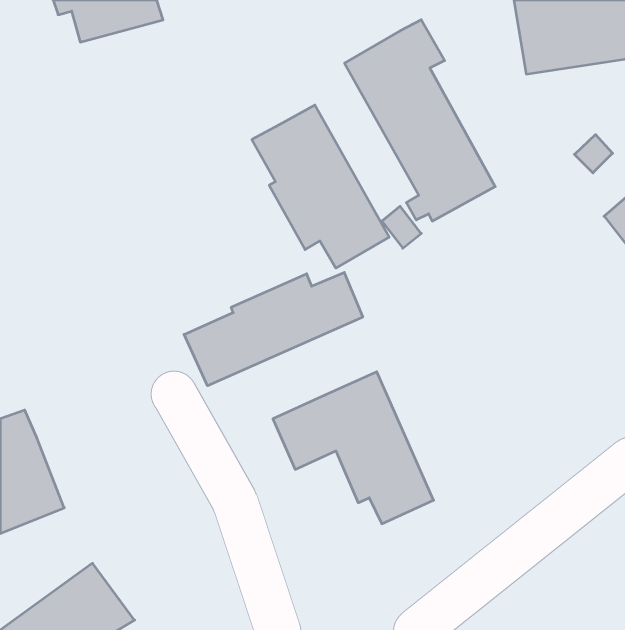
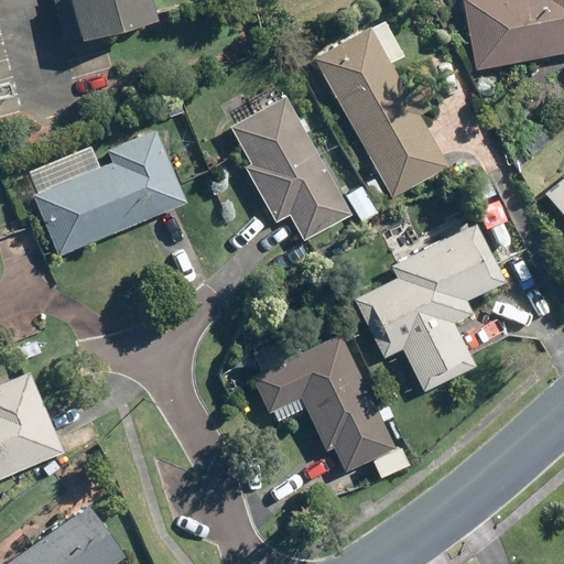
building: none -> [29,129,185,257]
building: none -> [355,224,503,389]
building: [184,272,363,386] -> none

